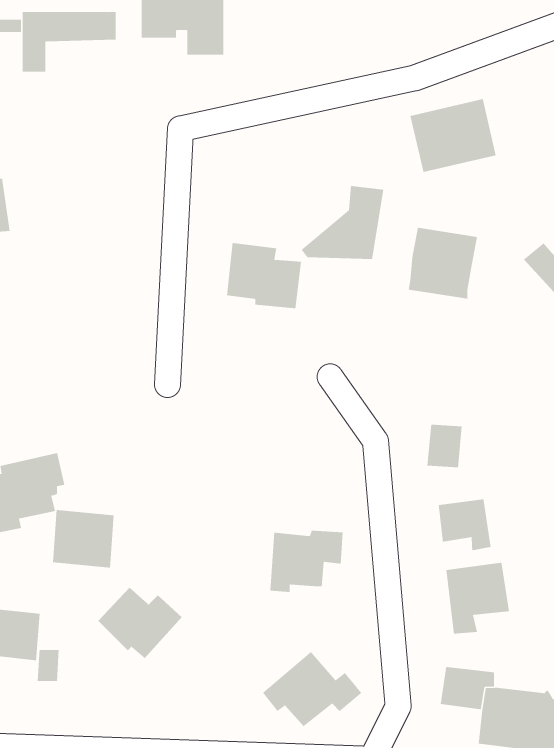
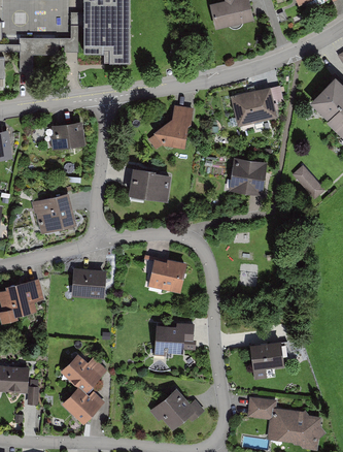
building: none -> [48,121,85,150]
building: [301,186,384,259] -> [147,106,193,147]
building: none -> [33,192,76,233]
building: none -> [147,257,186,293]
building: [438,499,491,551] -> none
building: [52,509,115,568] -> [71,267,105,299]
building: none -> [61,386,104,424]

